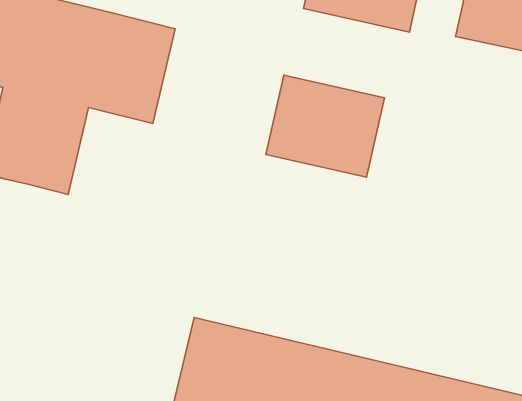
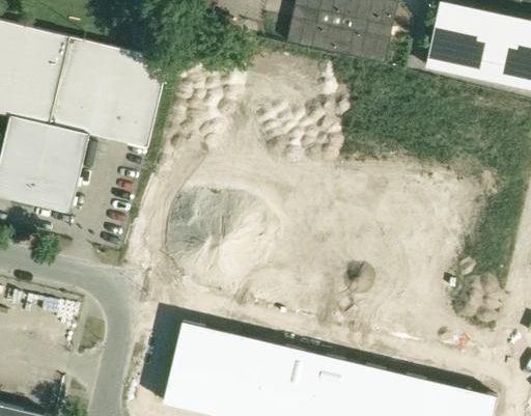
building: [266,75,384,177] -> none

